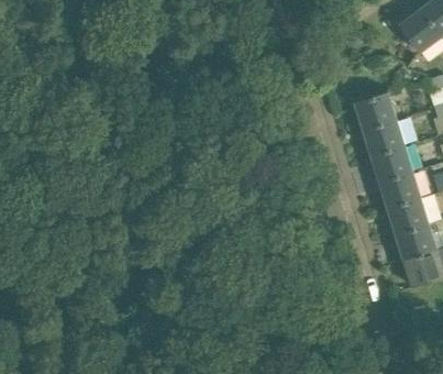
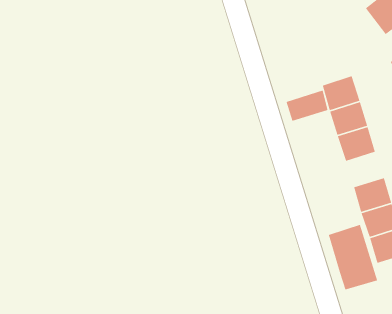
building: none -> [285,90,329,122]
building: [379,172,419,207] -> none
building: none -> [328,224,378,290]

